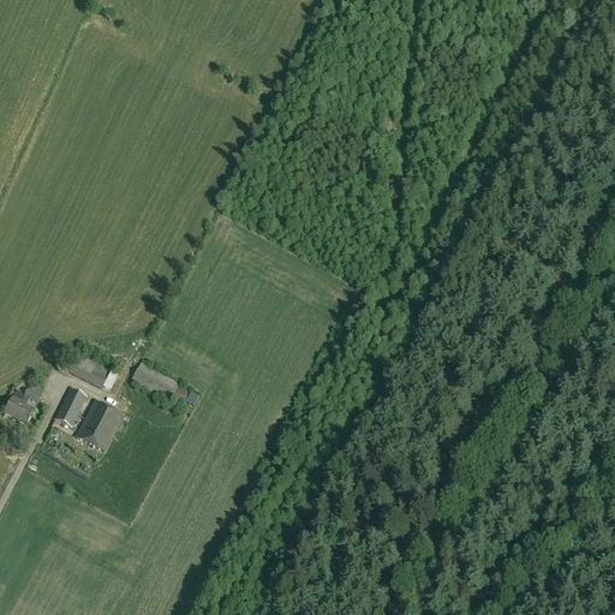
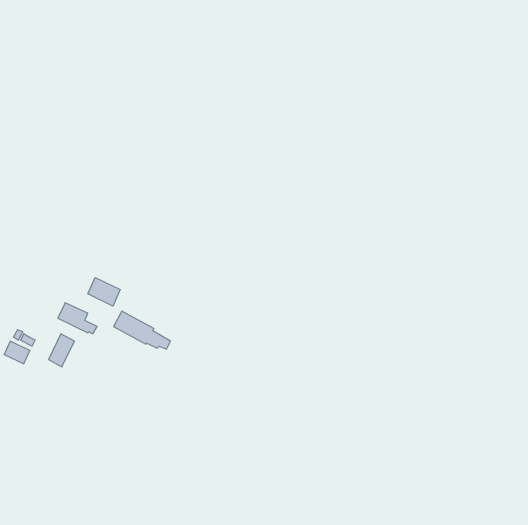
building: none -> [88,278,120,306]
building: [77,401,123,452] -> none

